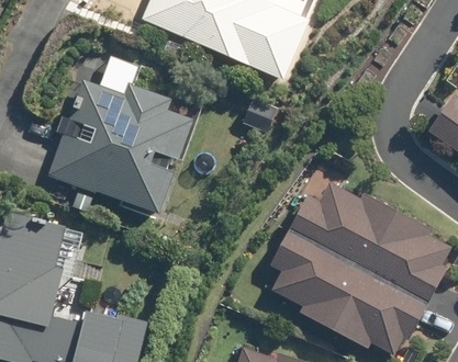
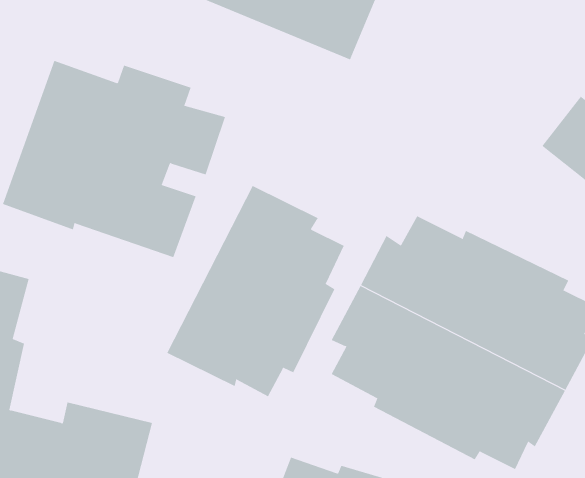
building: none -> [166,185,345,397]

